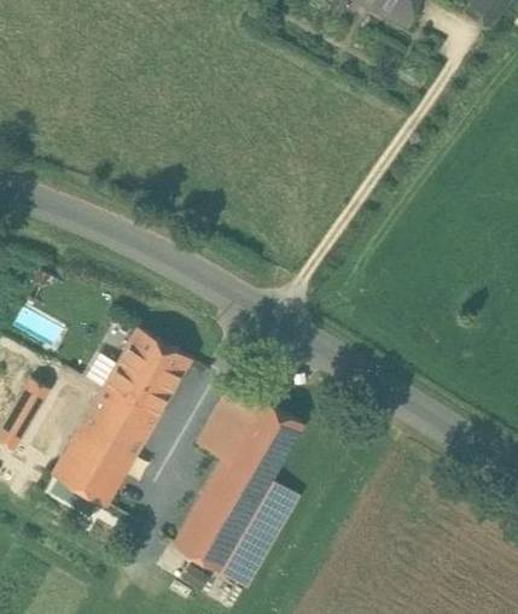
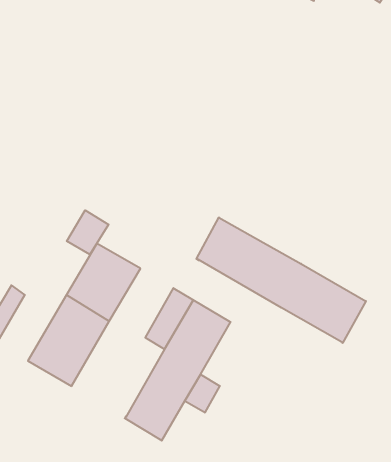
building: none -> [67,210,109,255]
building: none -> [196,217,366,343]
building: [219,524,273,587] -> none

